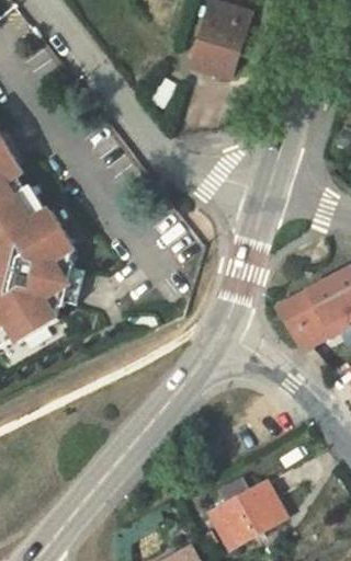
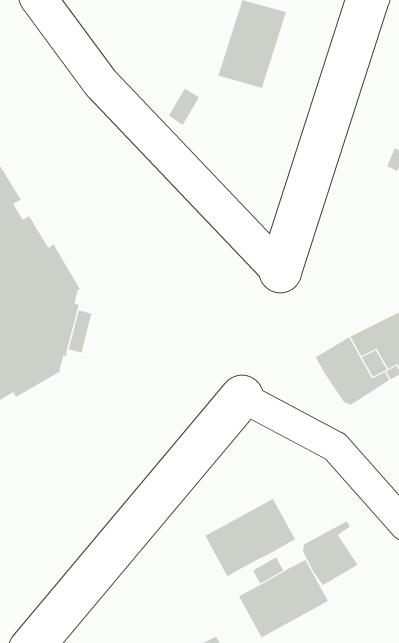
building: none -> [204,498,296,577]
building: none -> [302,520,358,586]

